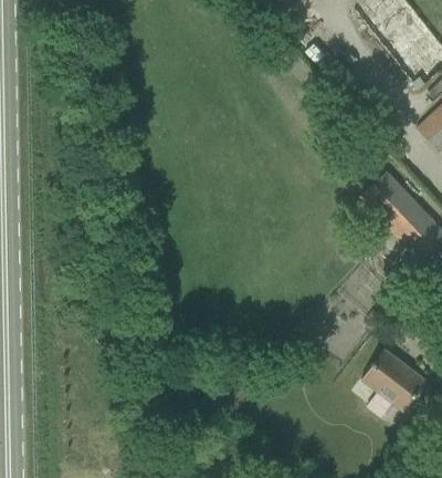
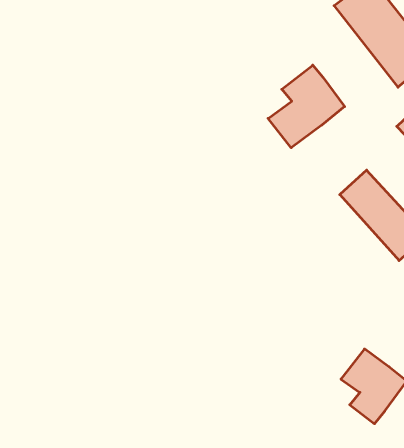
building: none -> [268,65,345,148]

